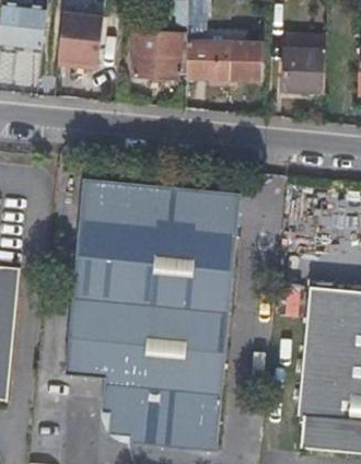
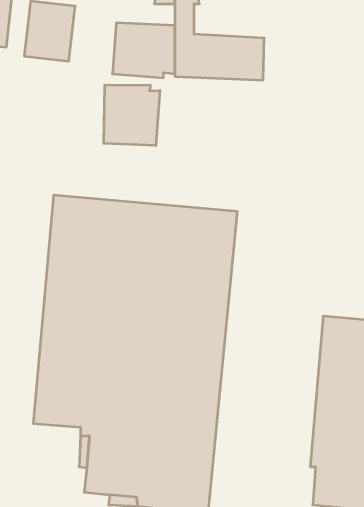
building: [282,50,325,93] -> none
building: none -> [104,85,160,146]

